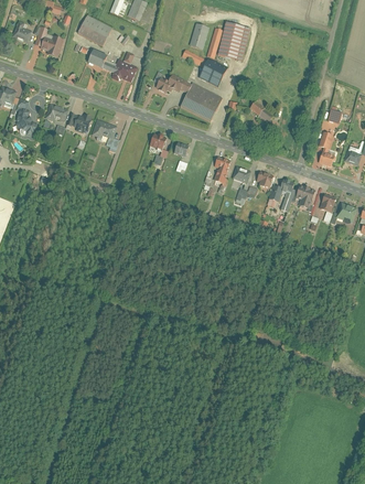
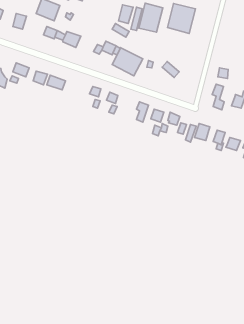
building: none -> [167,3,196,34]
building: [197,60,227,88] -> none

